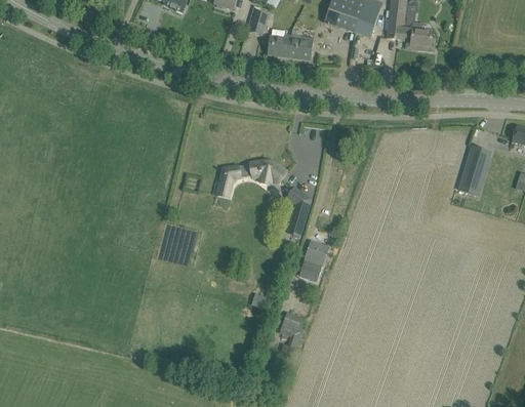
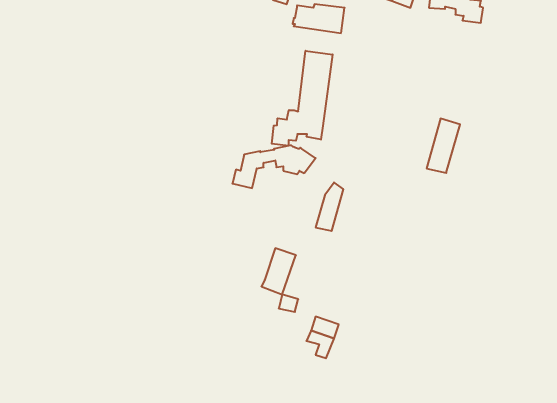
building: none -> [272,51,333,146]
building: [459,146,489,194] -> [427,119,460,173]
building: [297,239,328,280] -> [261,248,296,295]

